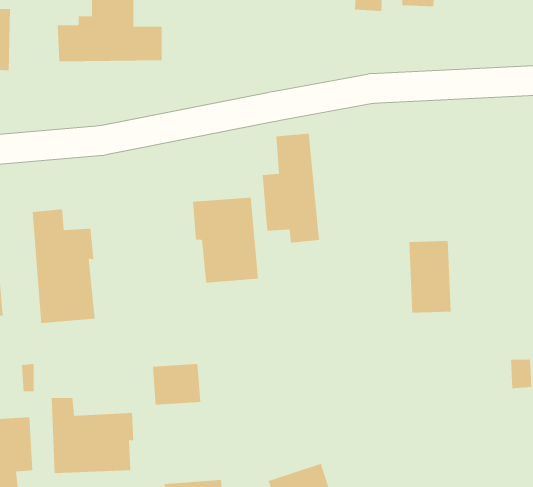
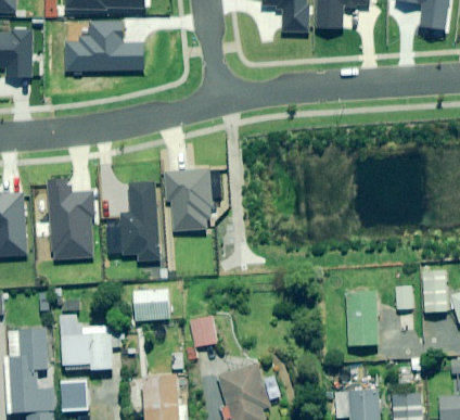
building: [262,133,320,243] -> [117,181,159,262]
building: [409,240,452,313] -> [346,292,378,345]
building: none -> [191,317,218,346]

